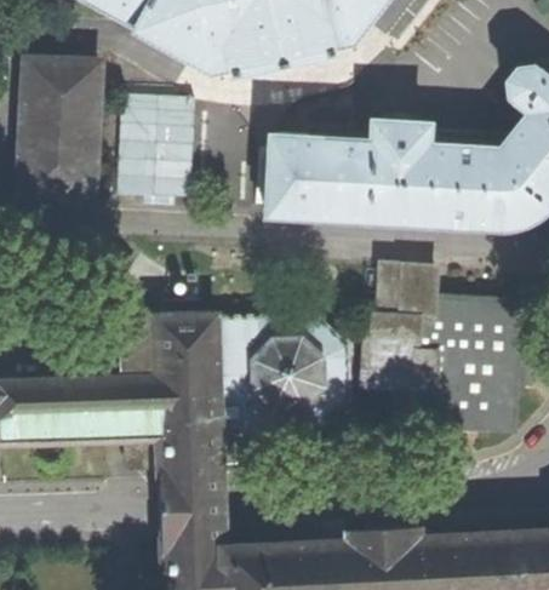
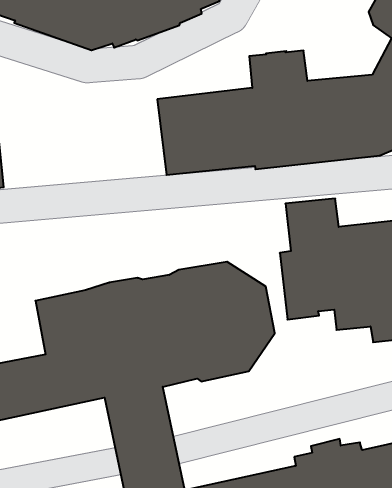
building: [116,90,198,194] -> none

